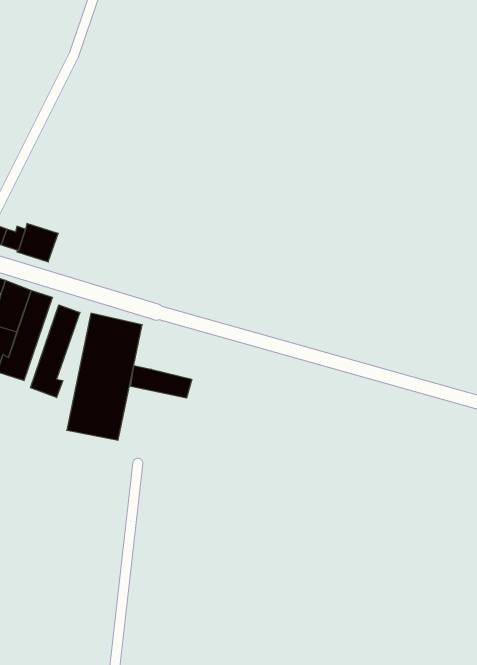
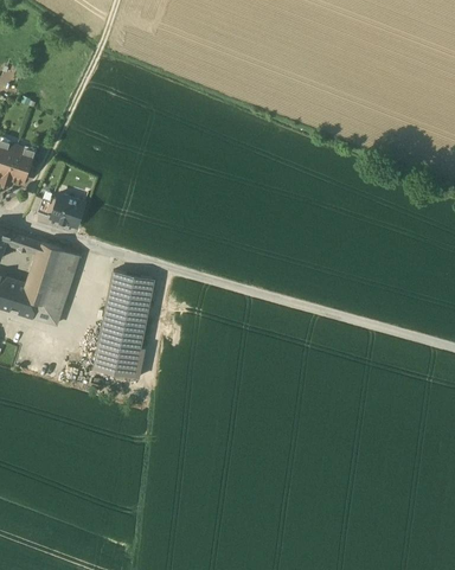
building: [30,305,80,398] -> none
building: [131,365,192,398] -> none

